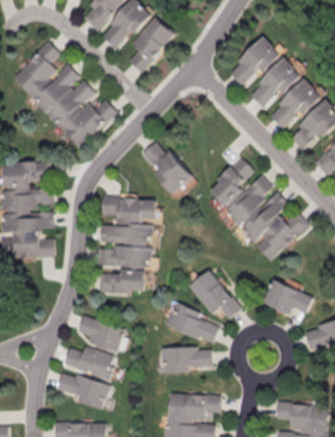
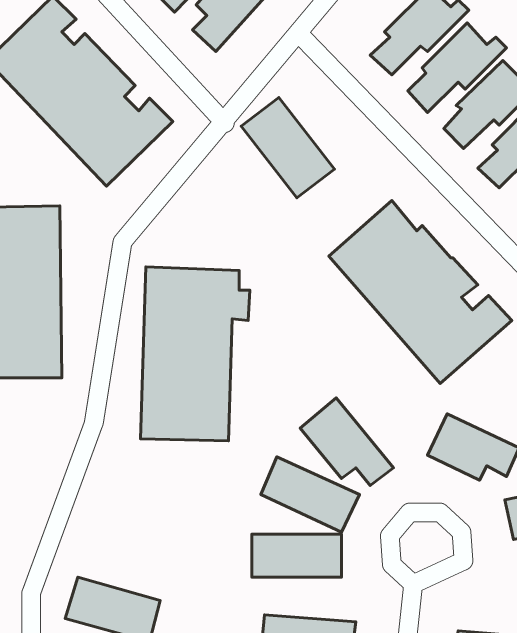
building: [138,138,191,195] -> [241,97,335,198]
building: [78,315,126,351] -> none
building: [65,343,117,379] -> none

